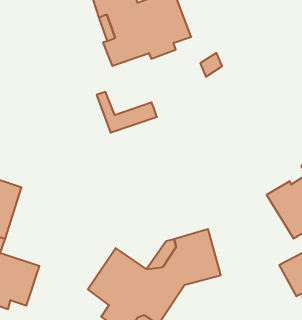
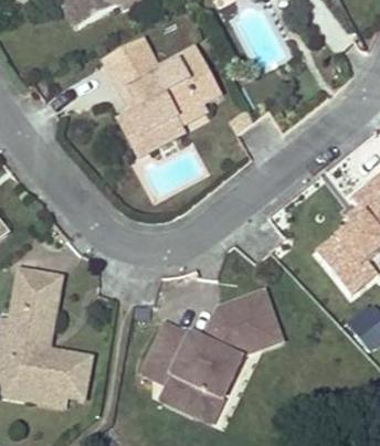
building: [97,92,157,133] -> [117,112,183,153]

